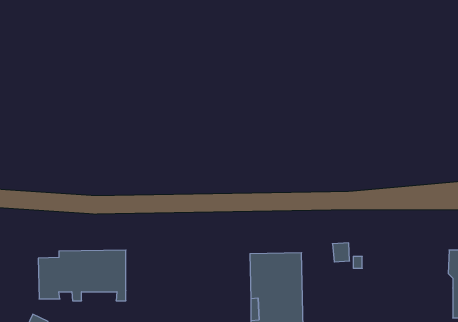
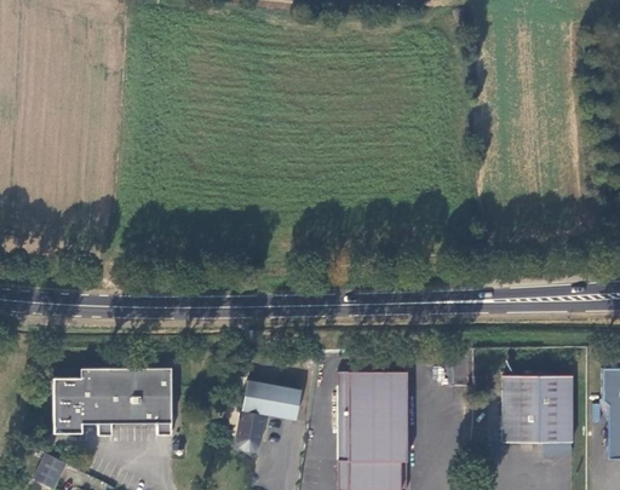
building: none -> [503,375,573,443]
building: none -> [237,380,303,451]

